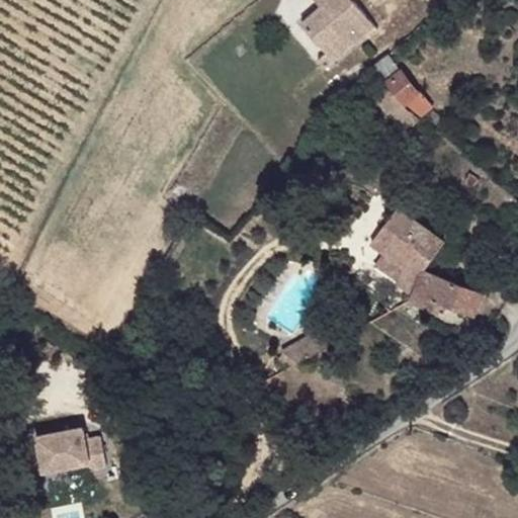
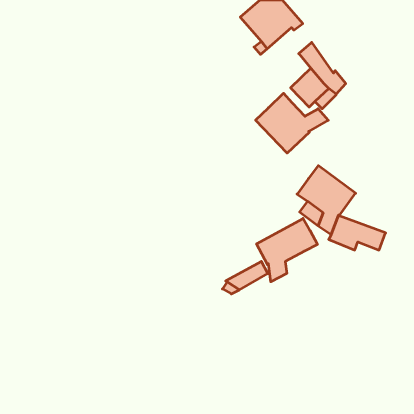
building: none -> [256,93,328,153]
building: none -> [257,218,317,282]
building: [35,429,106,472] -> none

